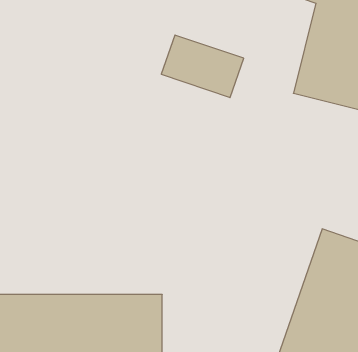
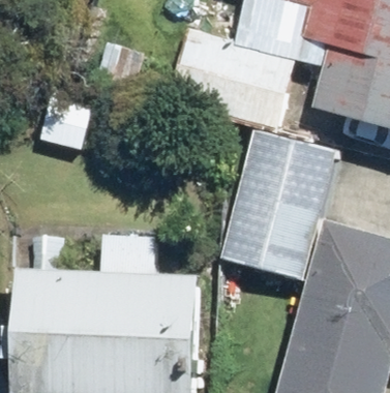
building: none -> [230,132,326,262]

